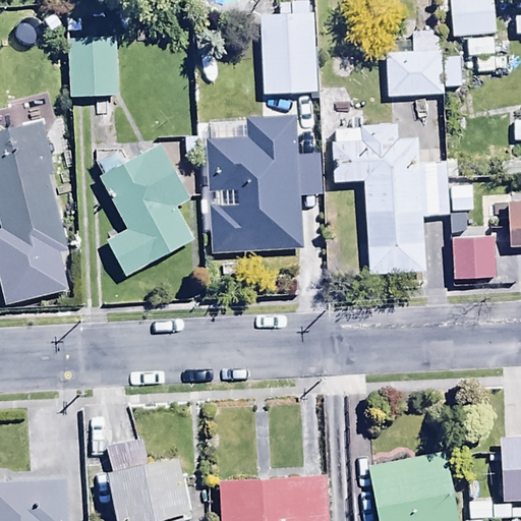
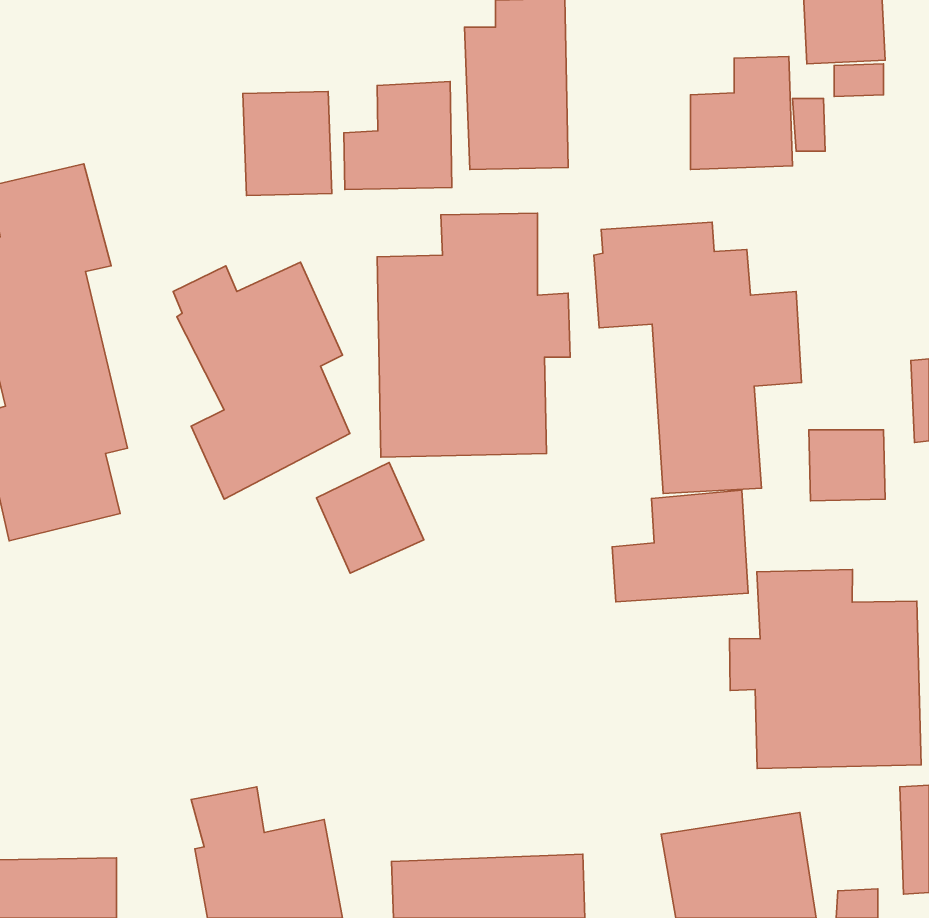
building: [69,38,119,96] -> [243,92,332,195]
building: none -> [344,81,452,190]
building: none -> [316,463,424,573]
building: none -> [612,490,748,602]
building: none -> [729,570,921,768]

